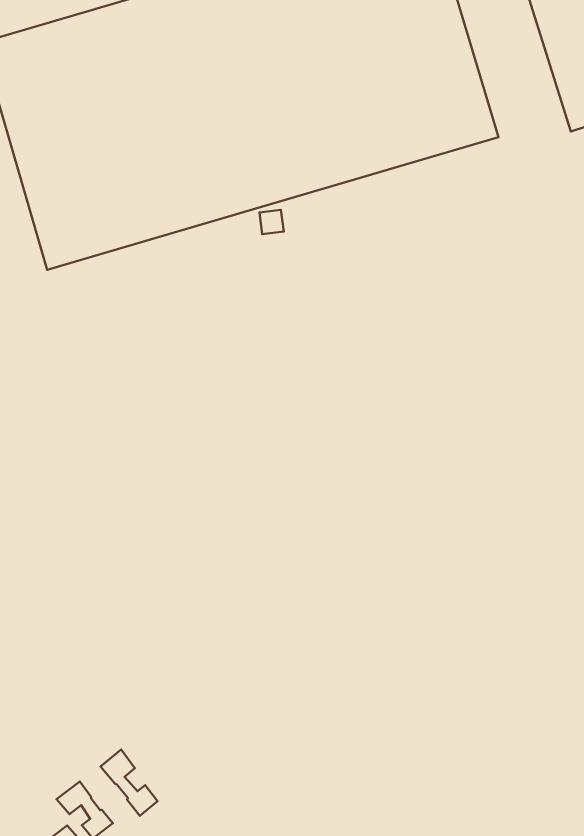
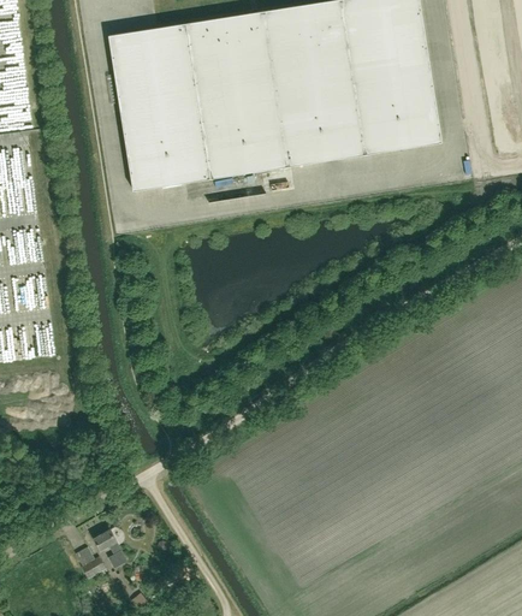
building: [101,749,157,816] -> none

